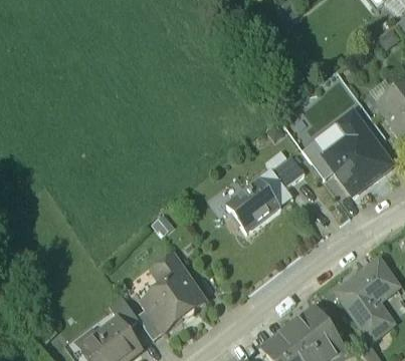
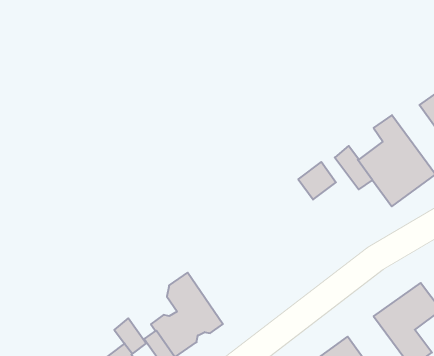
building: [227,179,279,230] -> none

